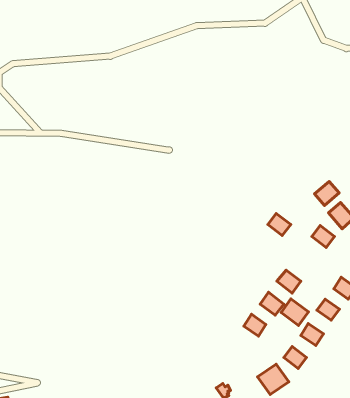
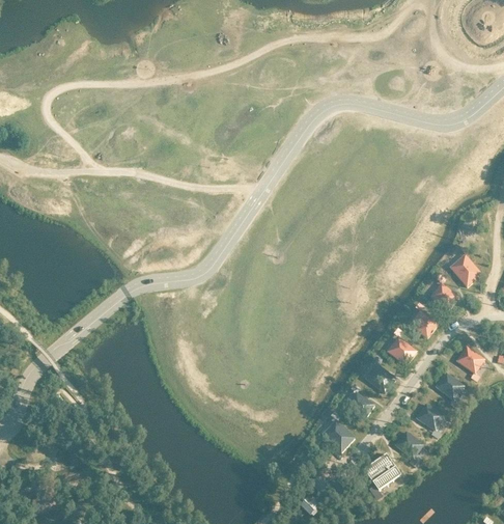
building: [315,181,339,205] -> none
building: [268,214,291,236] -> [410,309,438,336]
building: [281,299,309,326] -> none
building: none -> [324,419,355,451]

